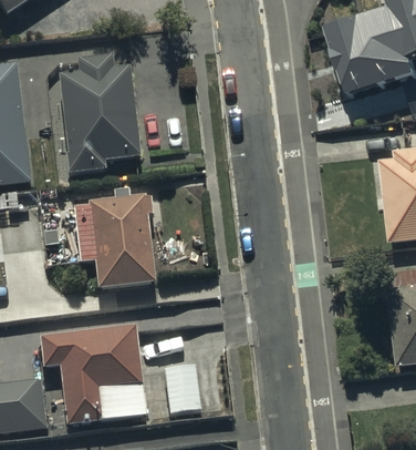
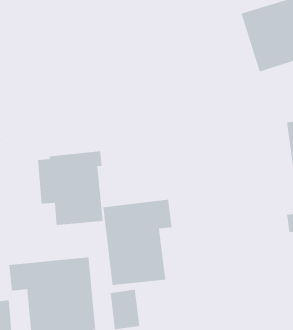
building: [60,54,138,173] -> none
building: none -> [102,199,172,286]

